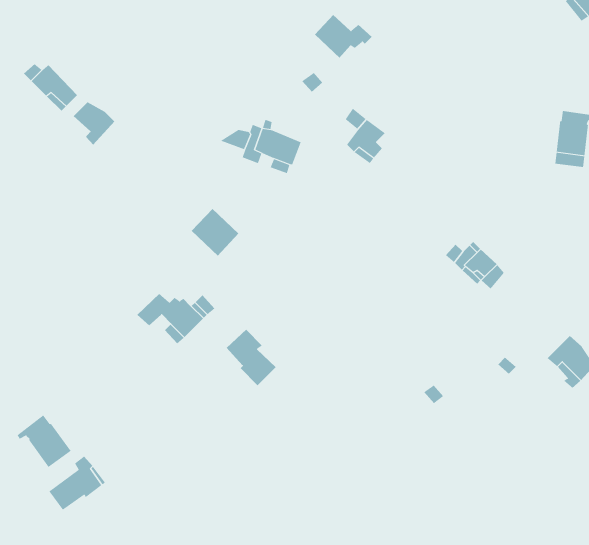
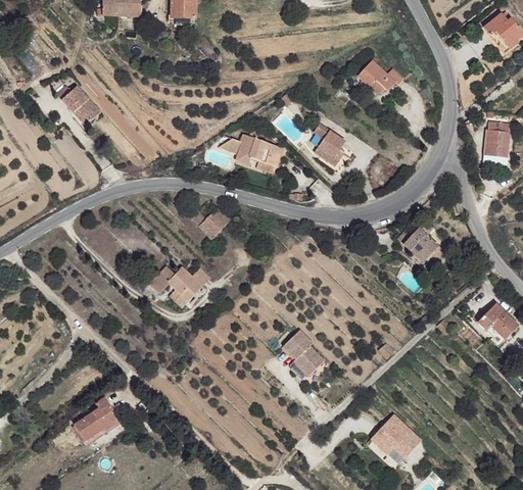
building: [314,14,373,59] -> [359,58,406,94]
building: [73,101,115,145] -> none
building: [226,329,277,386] -> [283,330,324,376]
building: [17,414,71,468] -> none
building: none -> [370,413,420,455]

